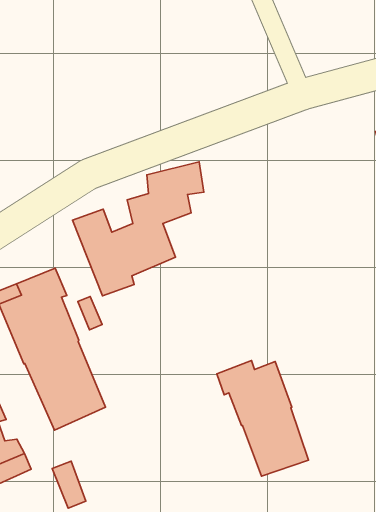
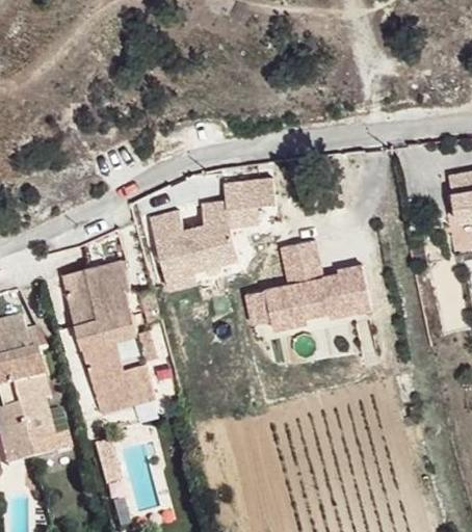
building: none -> [242,239,371,334]
building: [217,361,309,476] -> none

